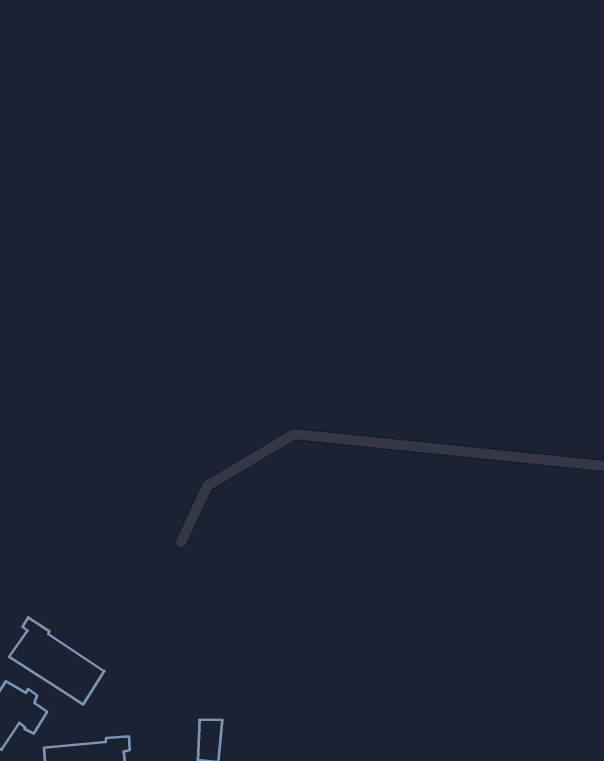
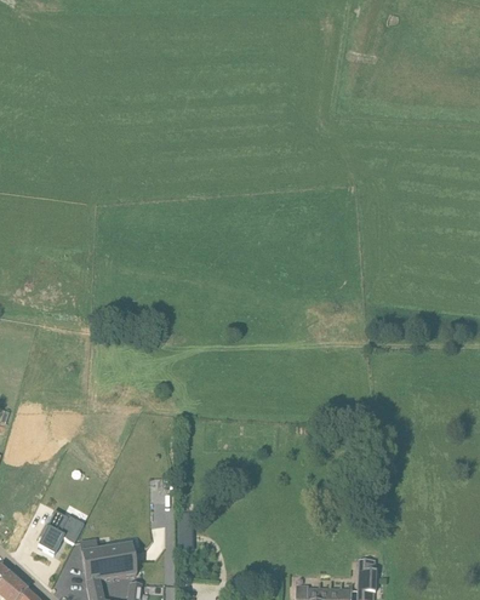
building: [9,617,104,704] -> none

